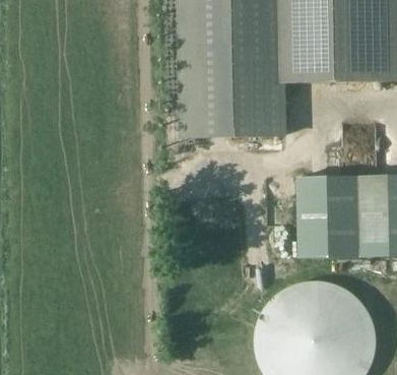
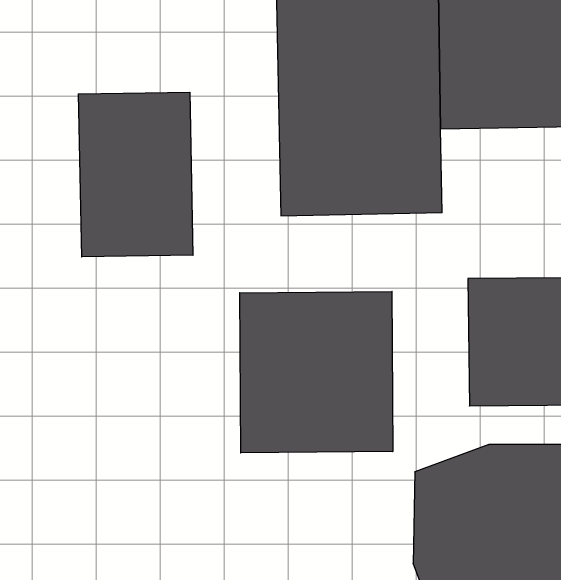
building: none -> [78,92,193,257]
building: none -> [240,291,393,453]

